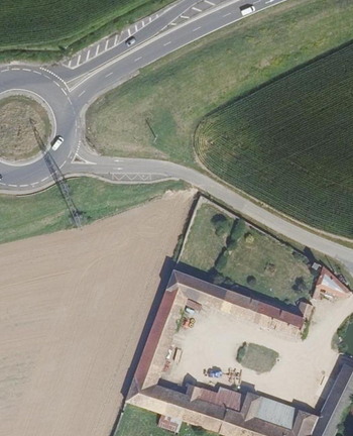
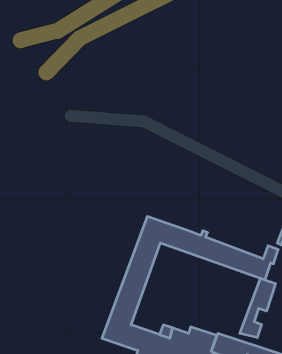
building: none -> [240,278,275,338]

